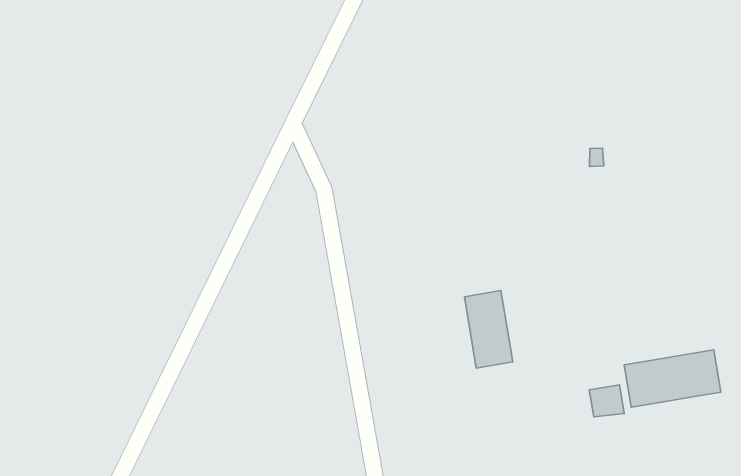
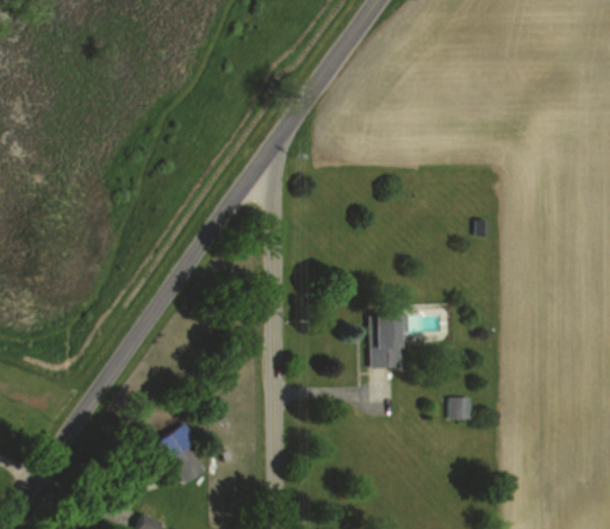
building: [624,350,721,407] -> none

